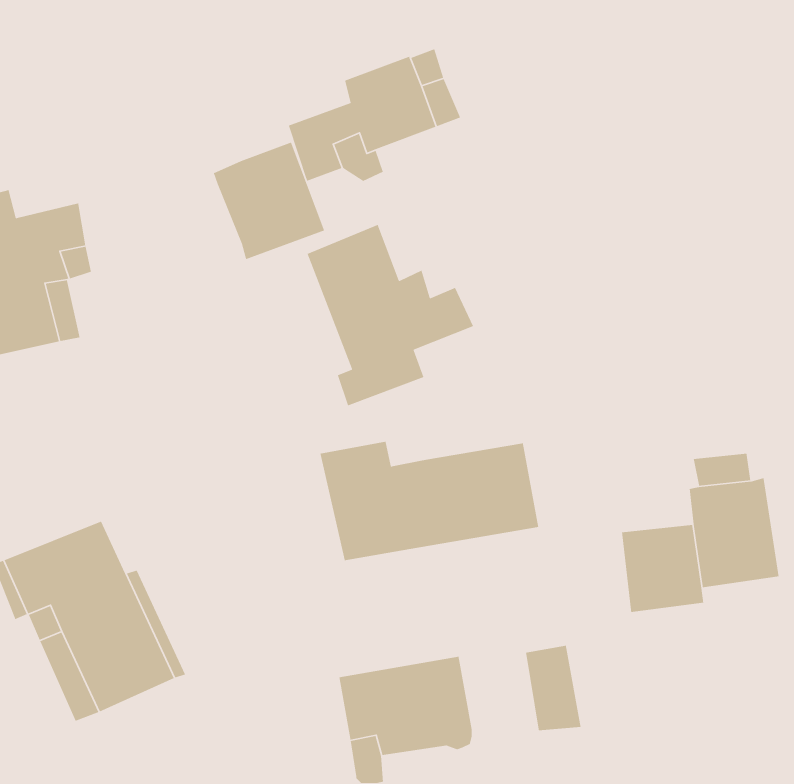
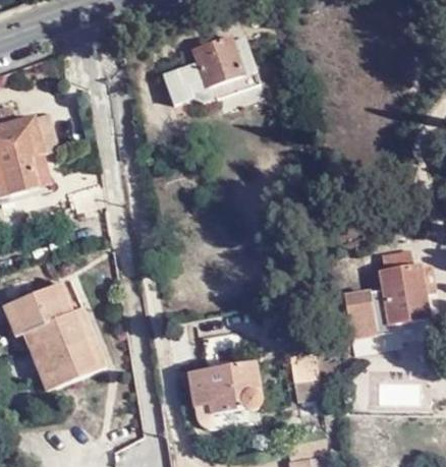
building: [213,141,325,260] -> none
building: [306,224,474,406] -> none
building: [319,441,539,561] -> none

